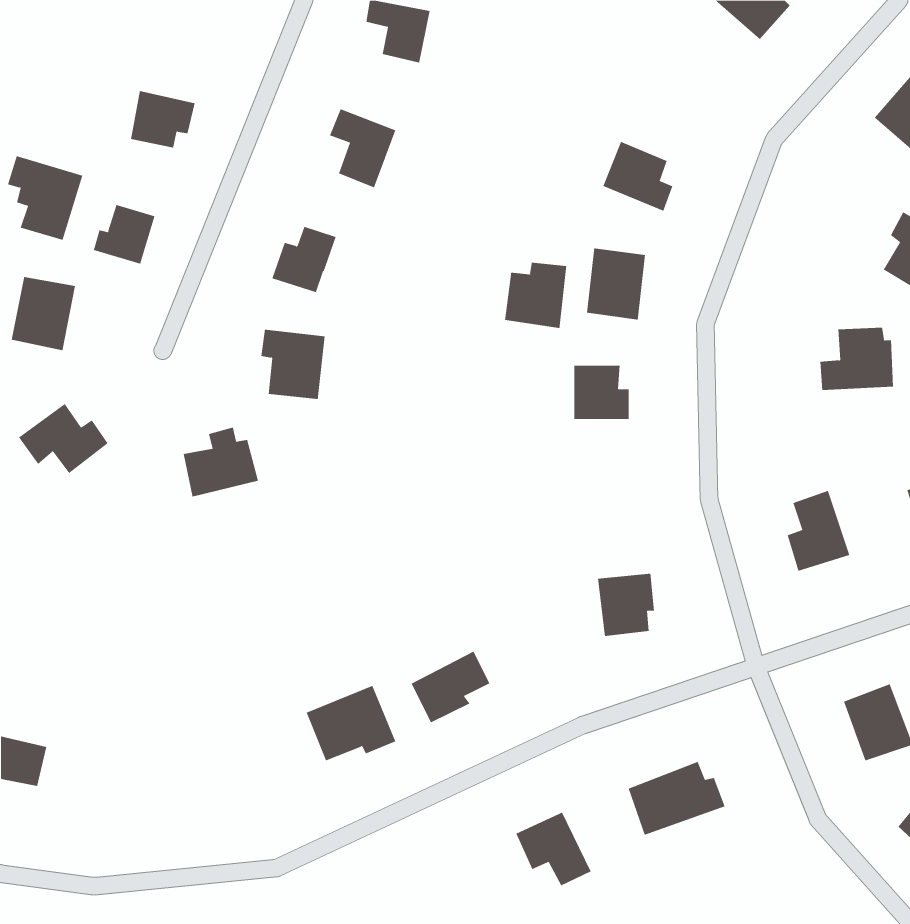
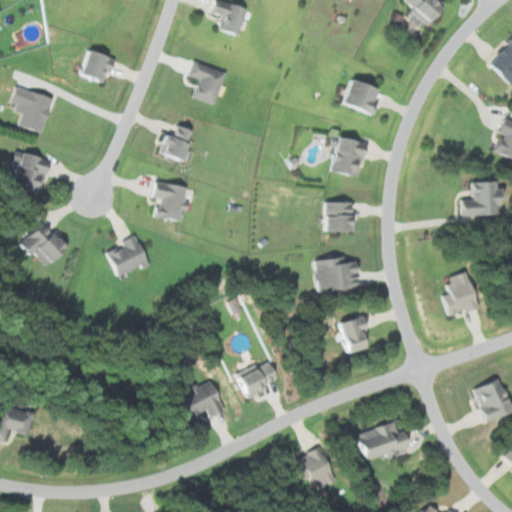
building: [93,204,155,264] -> none
building: [505,262,567,329] -> none
building: none -> [316,257,358,291]

